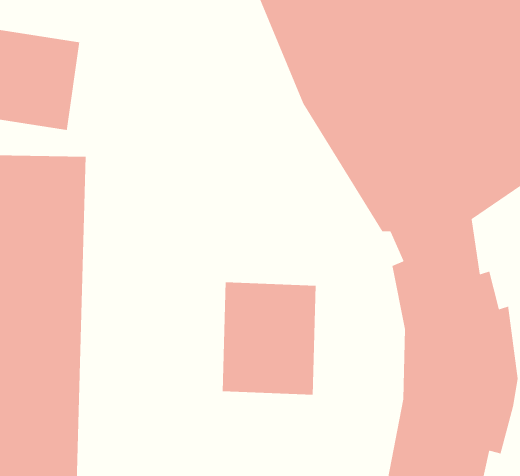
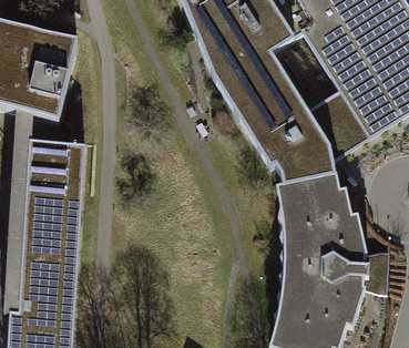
building: [222,281,317,396] -> none

